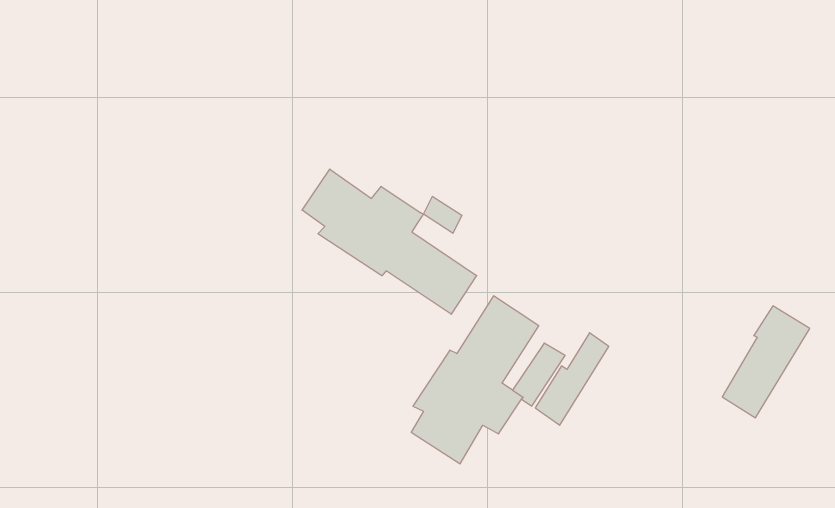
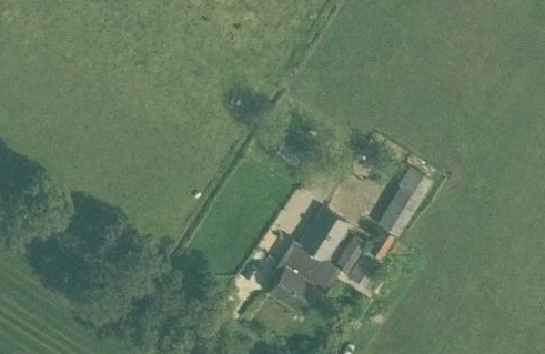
building: [302,169,477,314] -> none
building: [722,306,810,418] -> [376,166,432,237]

